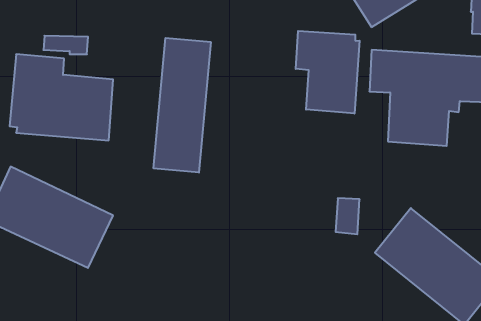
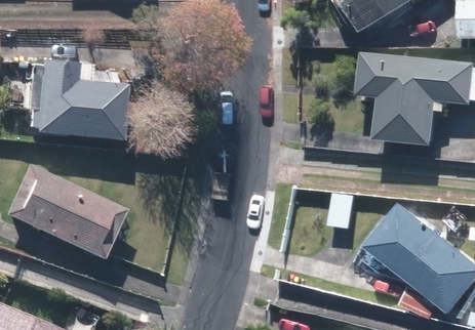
building: [296,31,360,114] -> none
building: [154,38,211,173] -> none

